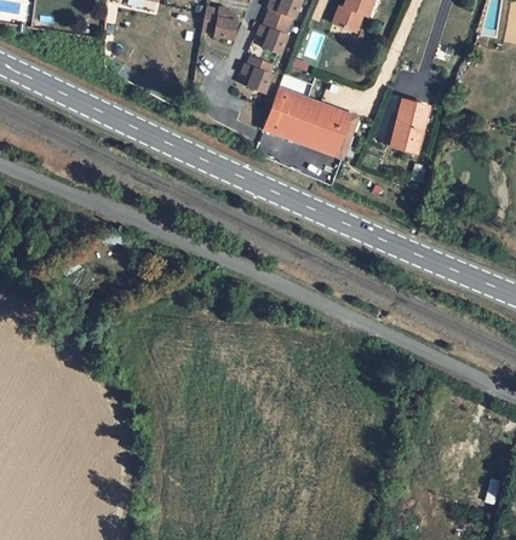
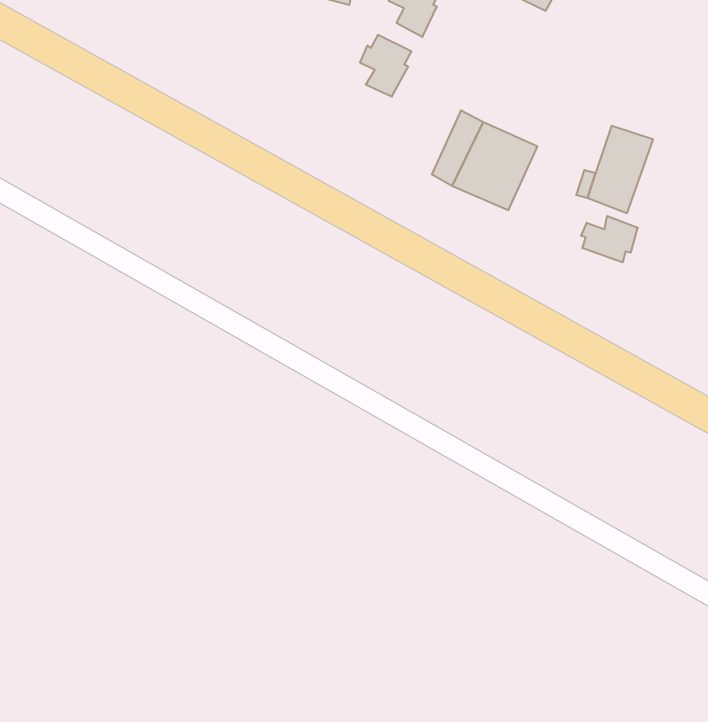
building: [264,87,308,139] -> none
building: none -> [581,216,638,262]

